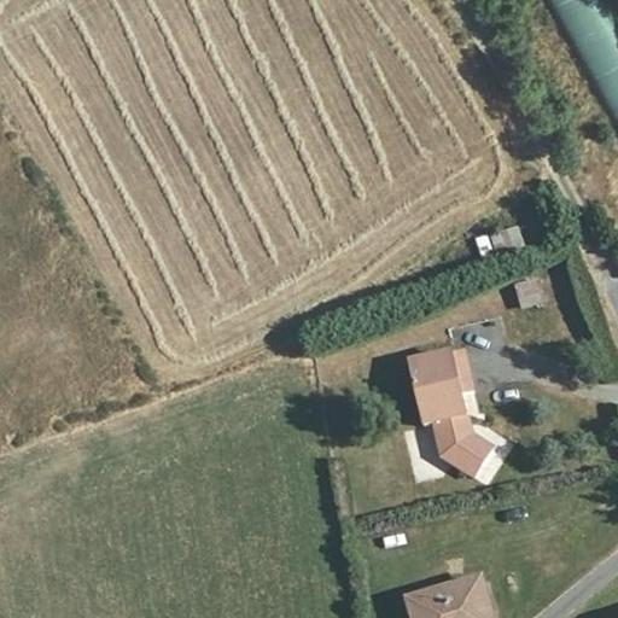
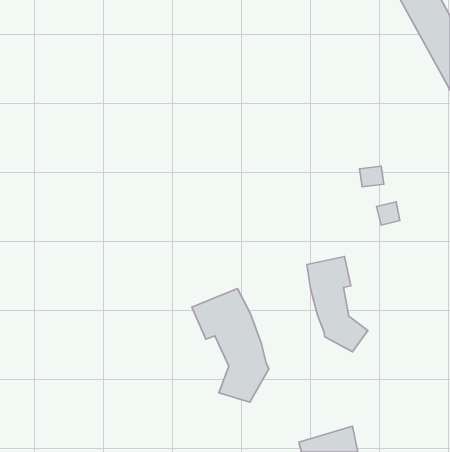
building: none -> [192,289,269,402]

